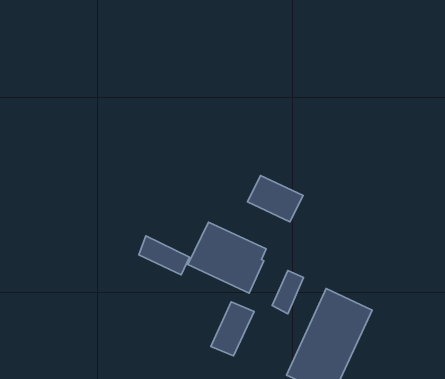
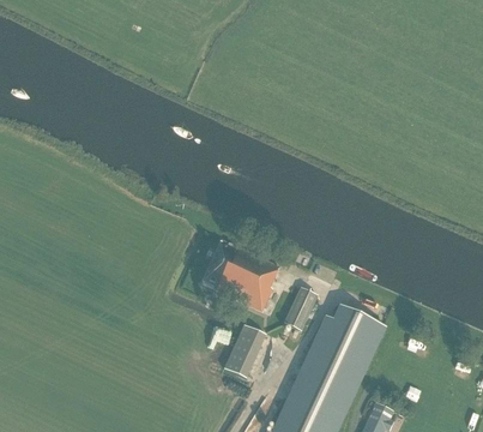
building: [247,176,303,222] -> none
building: [139,236,189,275] -> none

